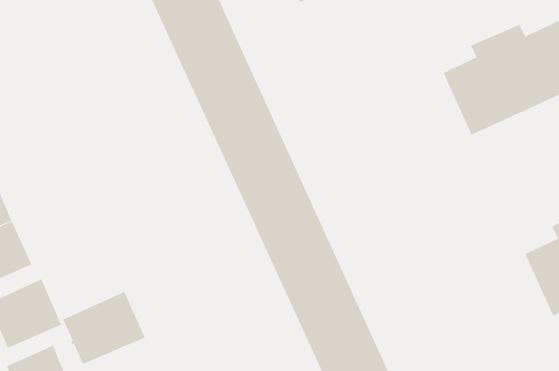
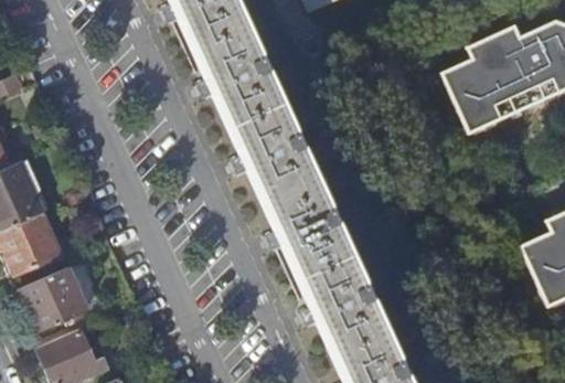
building: [62,291,146,365] -> none

